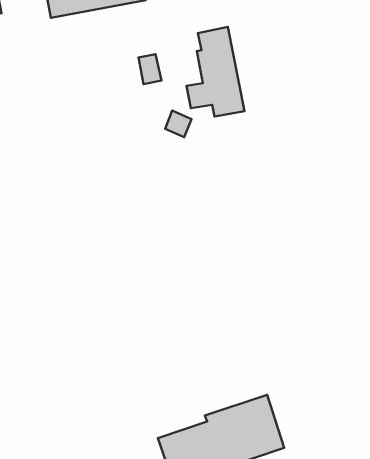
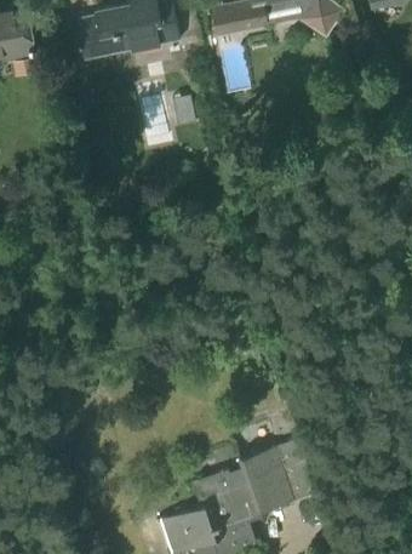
building: [186,27,245,116] -> none

